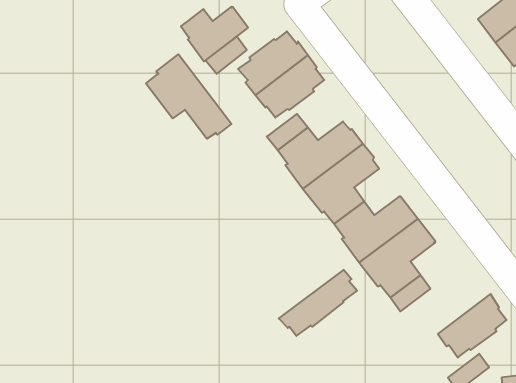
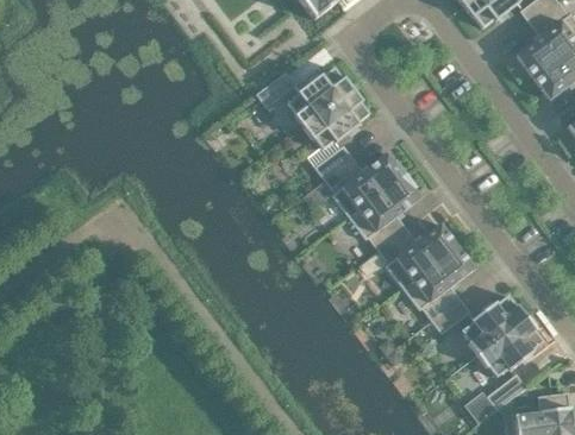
building: [181,7,248,61] -> none
building: [146,54,231,139] -> none
building: [279,270,357,336] -> none
building: none -> [460,295,526,354]

